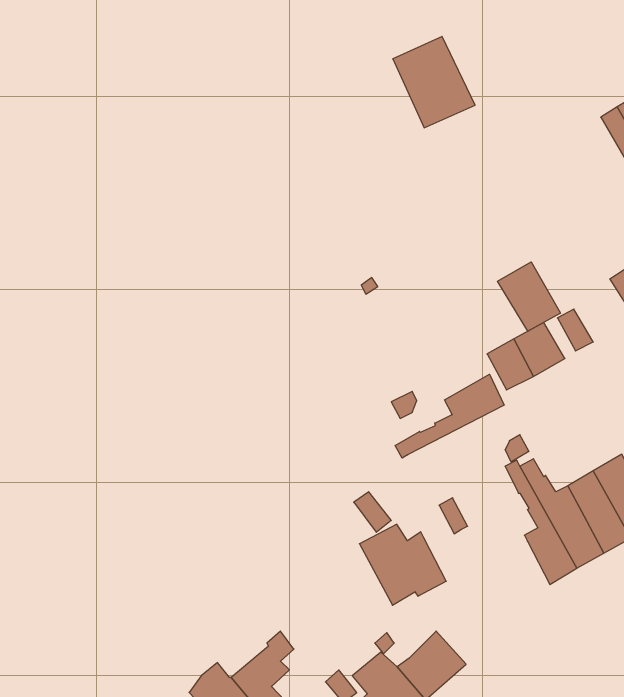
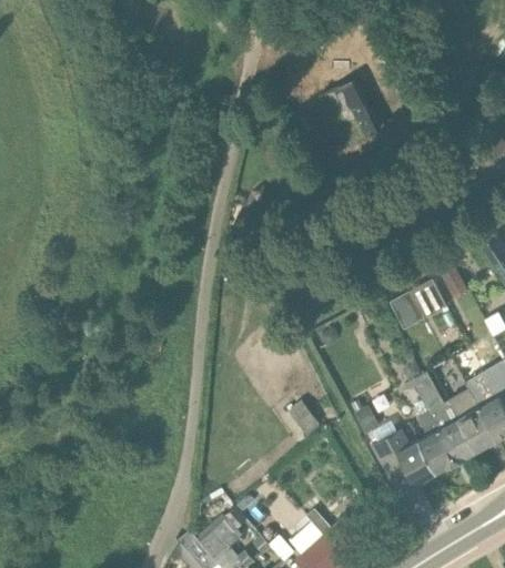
building: [497,262,560,331] -> none
building: [395,374,504,458] -> none
building: [359,524,446,605] -> [373,430,437,490]

